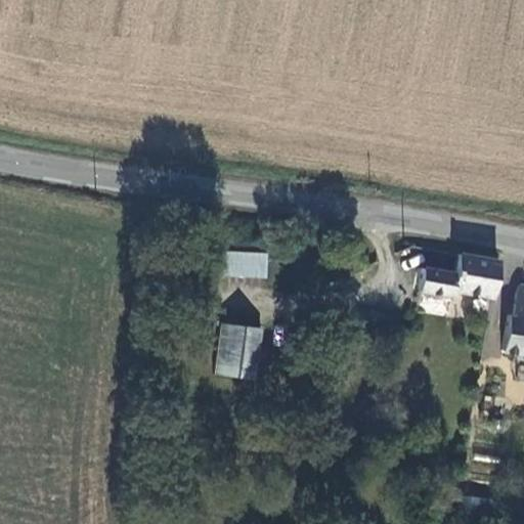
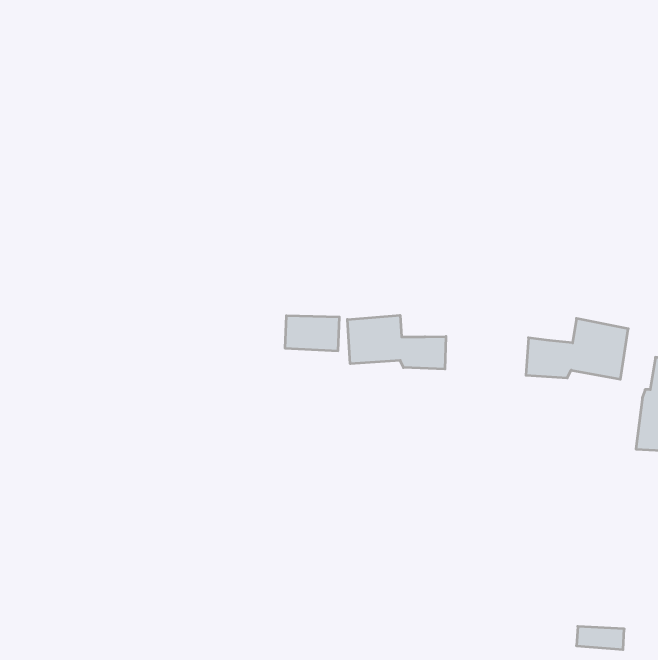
building: none -> [347,315,446,369]
building: [214,322,263,379] -> none

